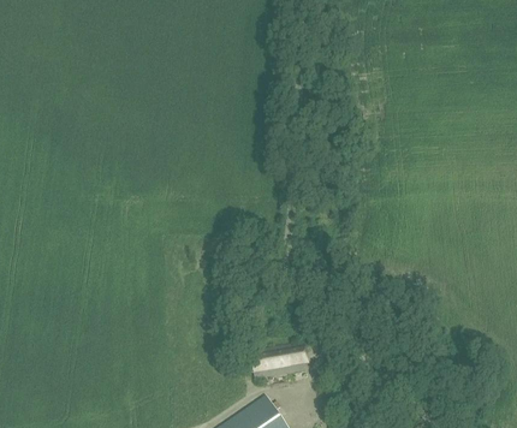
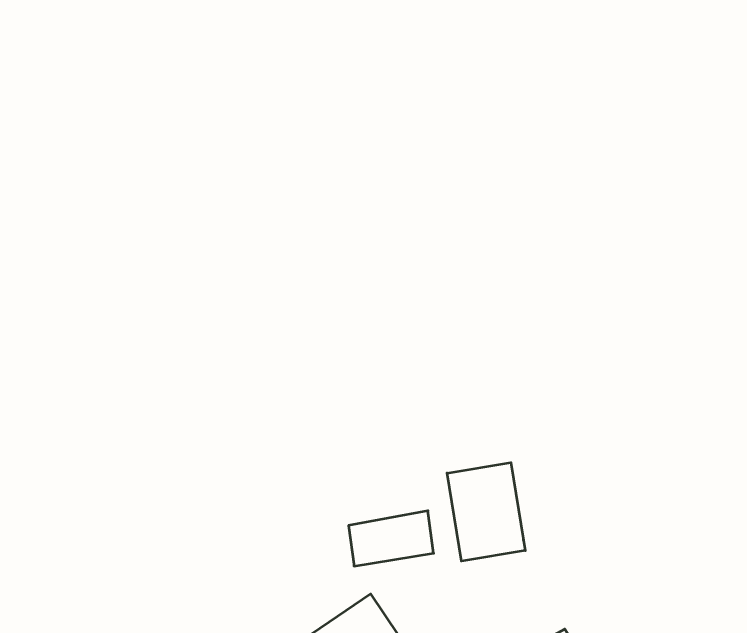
building: none -> [447,463,525,561]

